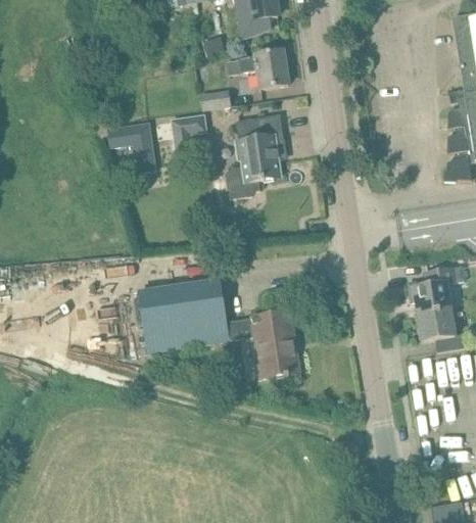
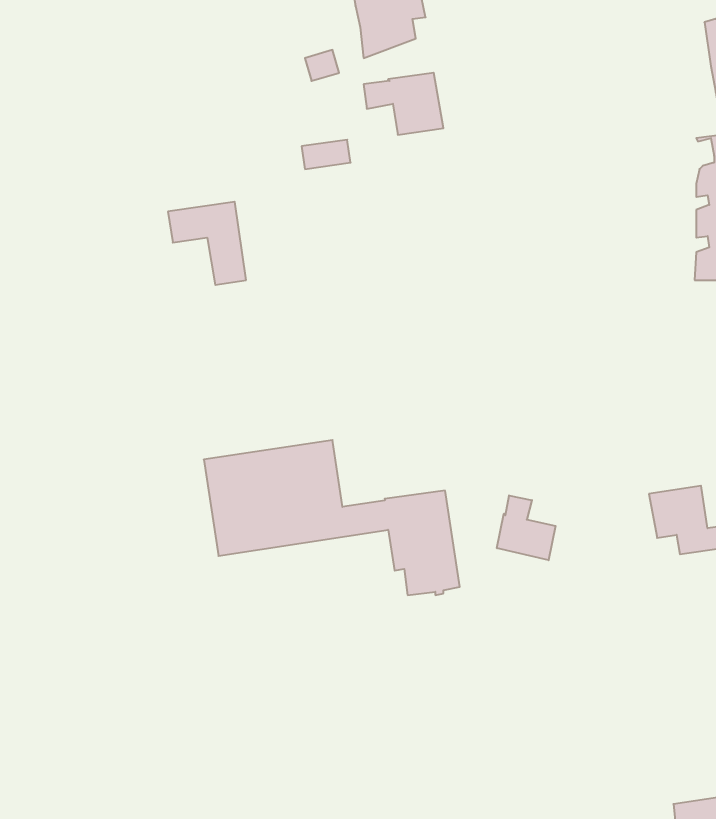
building: [226,113,285,197] -> none
building: [172,114,206,135] -> none
building: [408,267,455,313] -> none
building: none -> [497,495,556,560]

